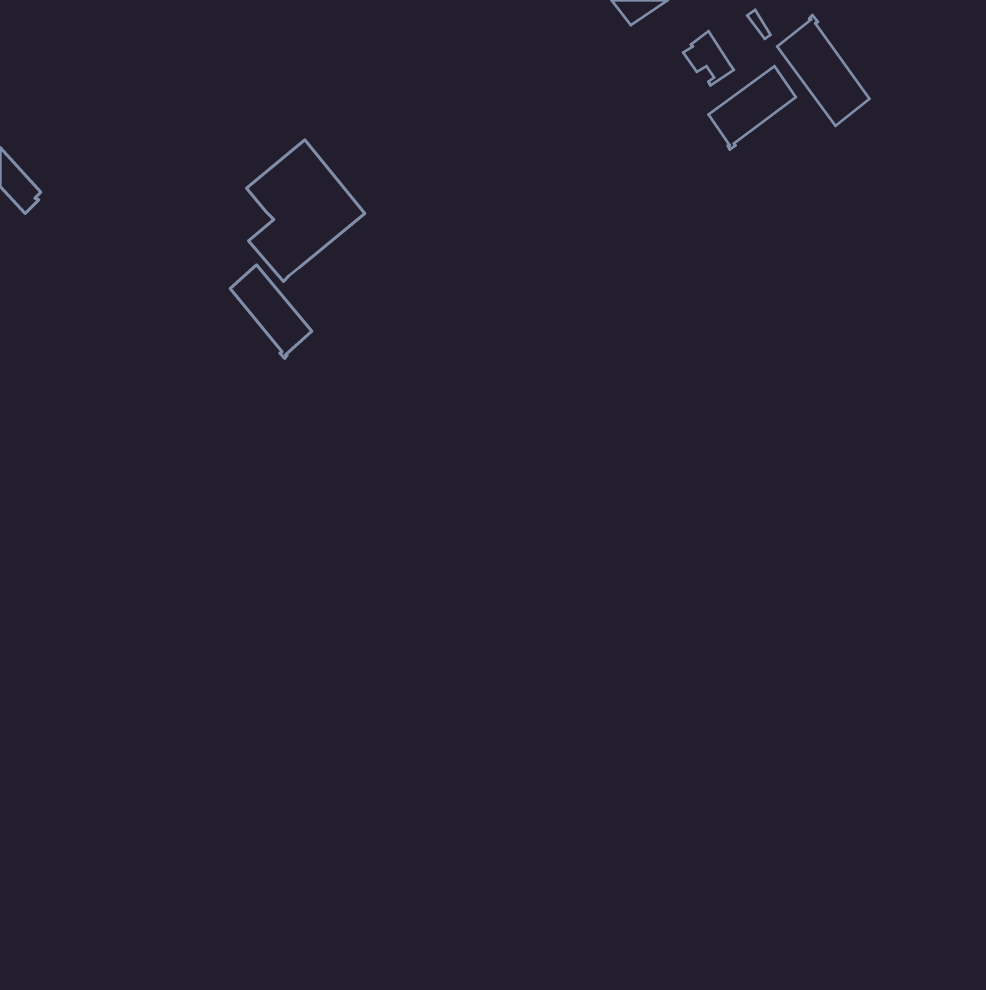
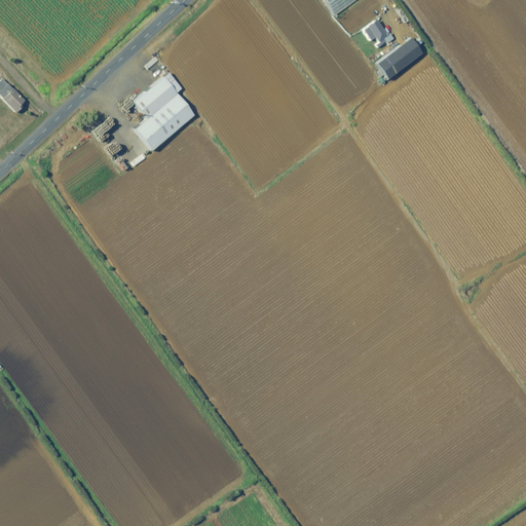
building: [777,15,870,126] -> none
building: [230,265,312,359] -> none

